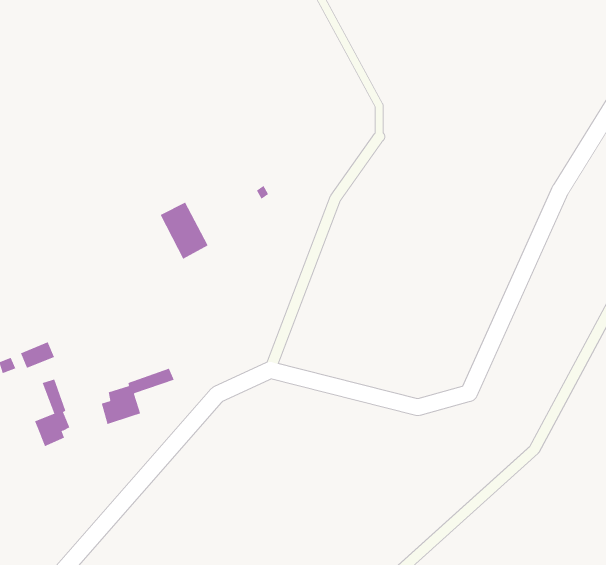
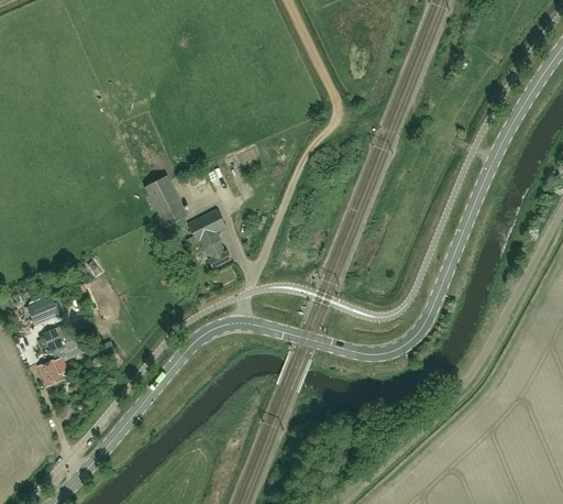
building: none -> [187,210,230,269]
building: [101,368,175,425] -> none

